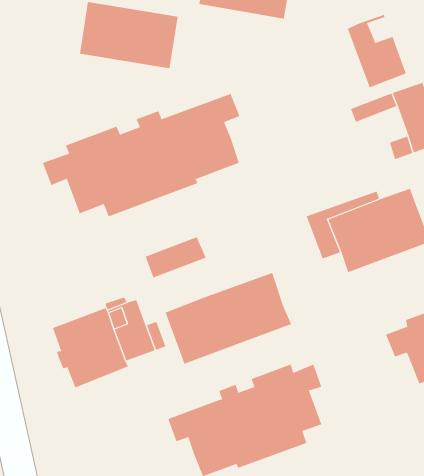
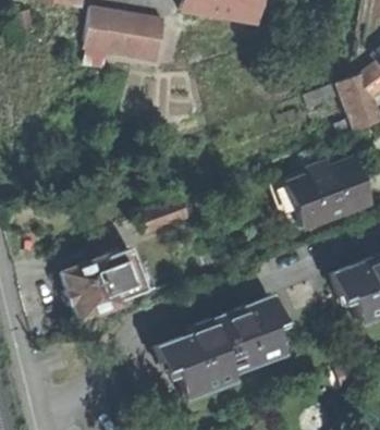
building: [347,14,407,88] -> none
building: [42,93,240,217] -> none
building: [165,272,292,365] -> none

